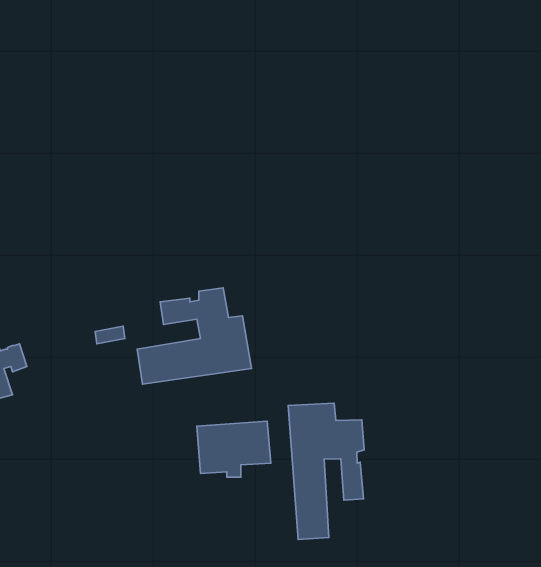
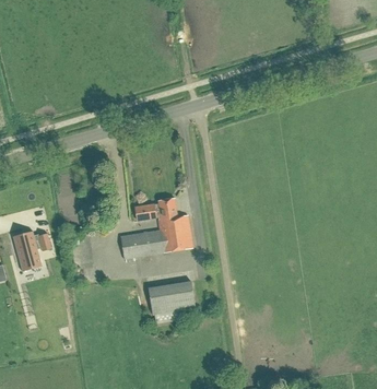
building: [288,403,364,540] -> none

